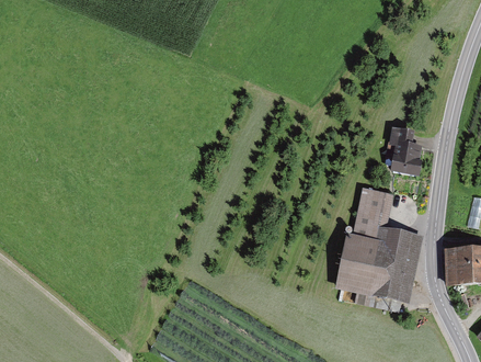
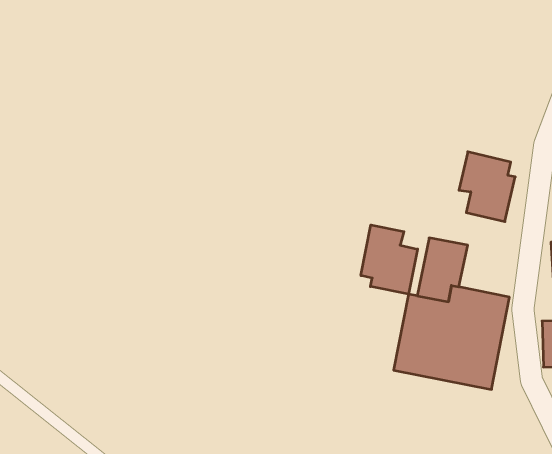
building: none -> [361,225,418,294]

